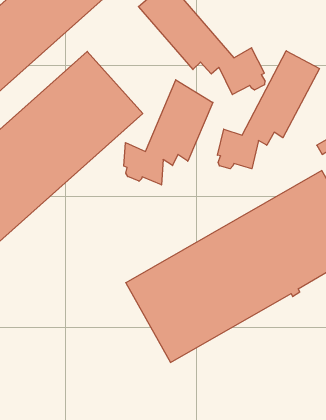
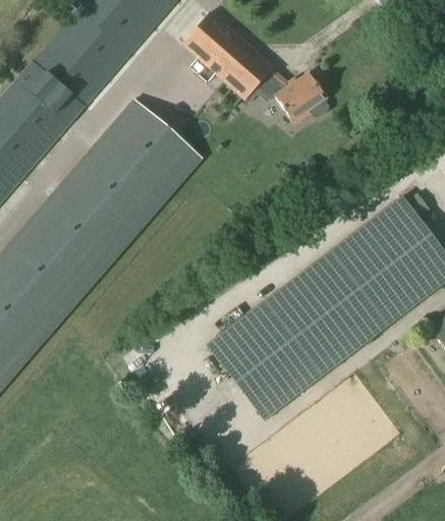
building: [217,51,319,169] -> none
building: [124,80,213,185] -> none

